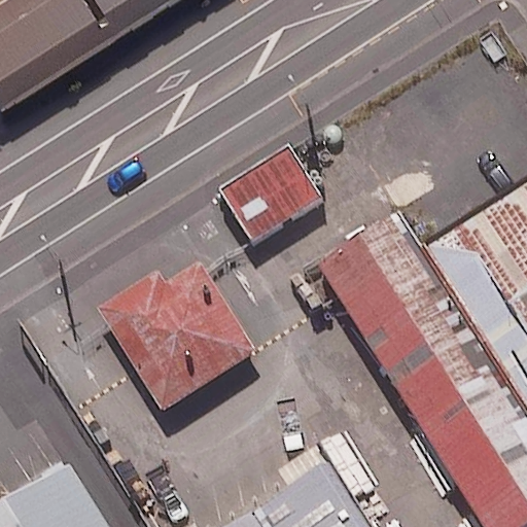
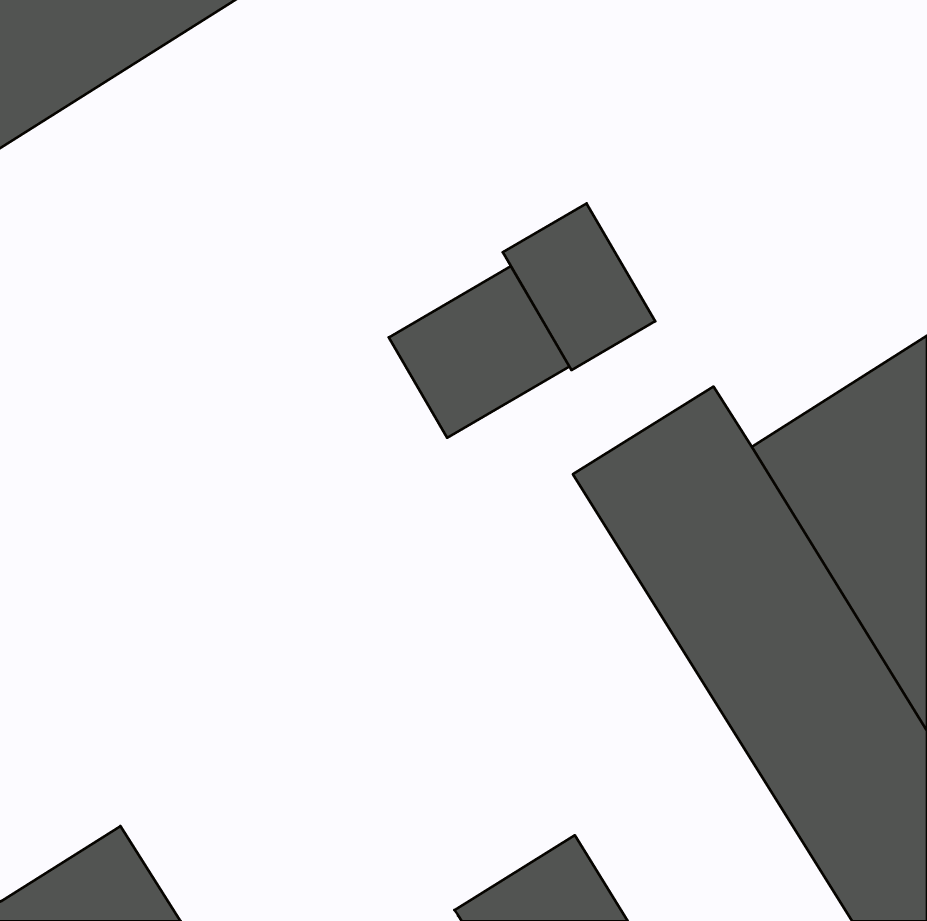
building: none -> [503,203,655,370]
building: [100,259,257,414] -> none

